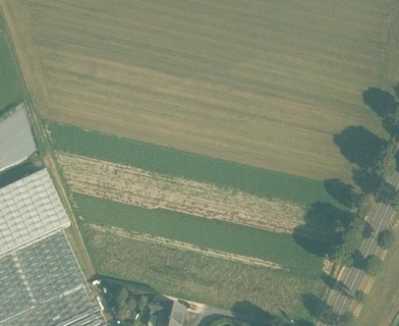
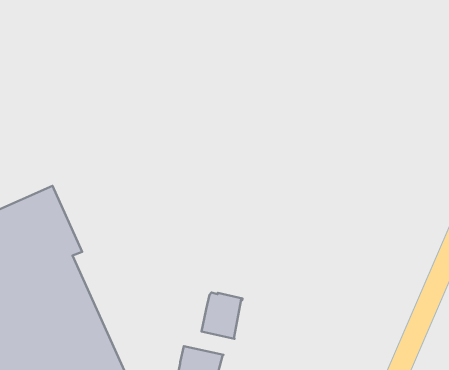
building: none -> [201,293,243,339]

